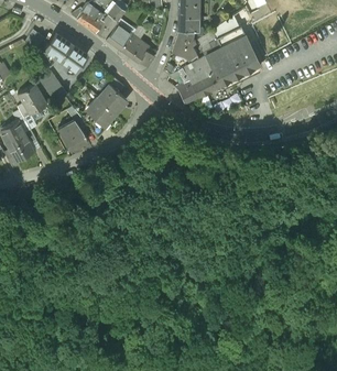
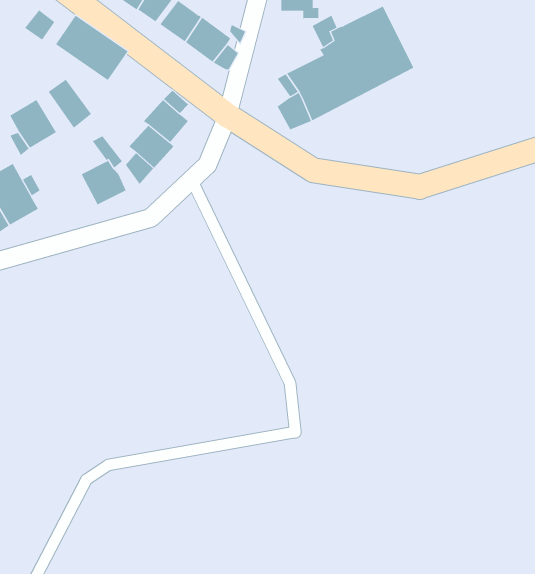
building: [173,30,197,59] -> none

